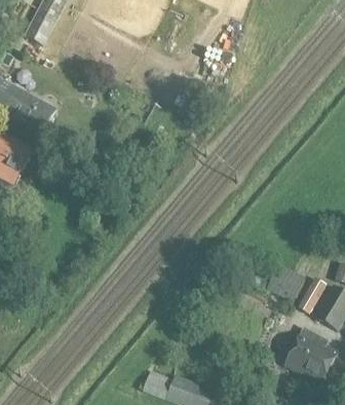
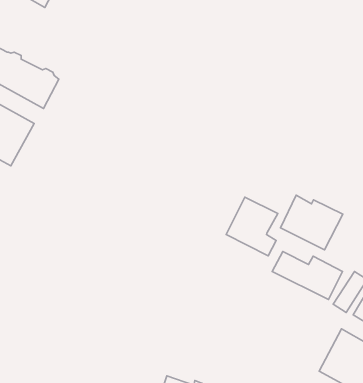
building: none -> [280,195,343,250]
building: none -> [226,197,278,256]

